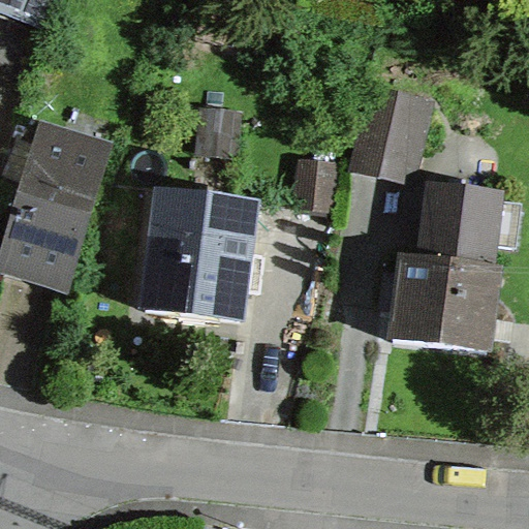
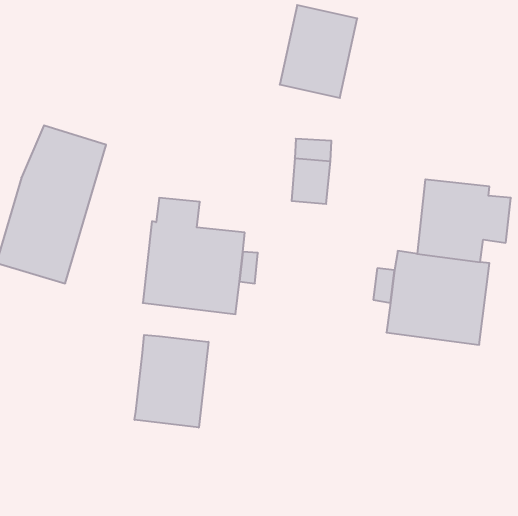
building: [347,85,426,179] -> [280,5,357,98]
building: none -> [135,335,208,428]

